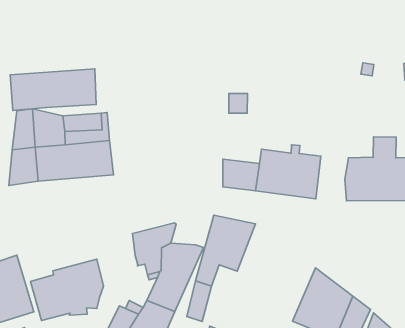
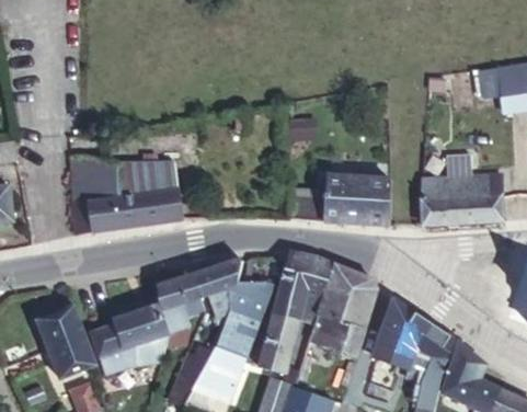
building: [10,69,96,110] -> none
building: none -> [301,258,376,355]
building: none -> [160,276,202,346]

